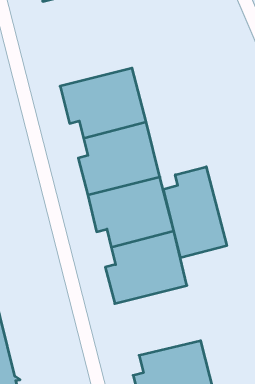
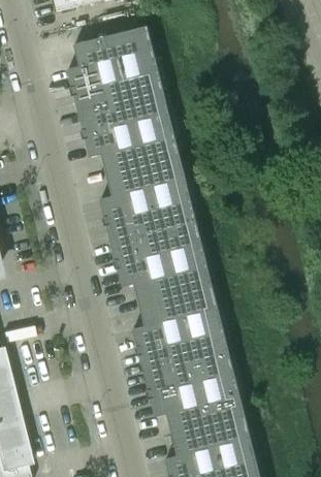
building: none -> [67,26,164,114]
building: [163,167,227,258] -> none
building: none -> [143,351,246,435]

